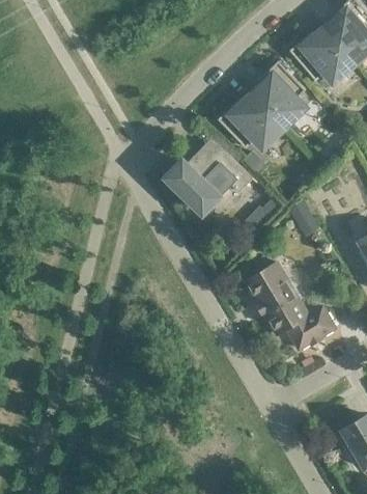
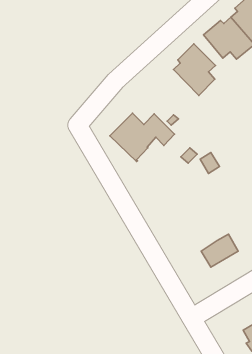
building: [218,95,284,148] -> none
building: [246,264,308,335] -> none

